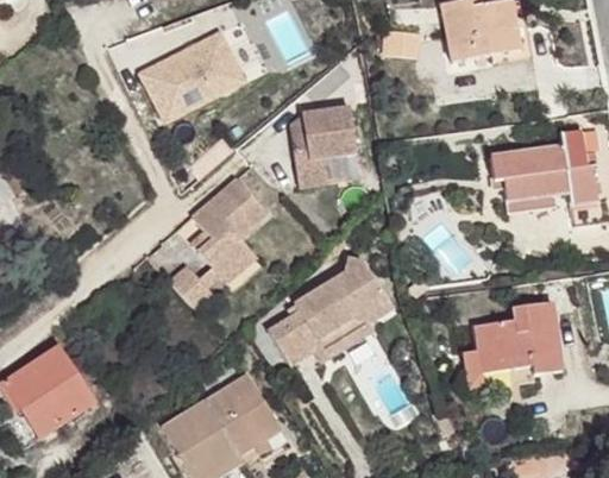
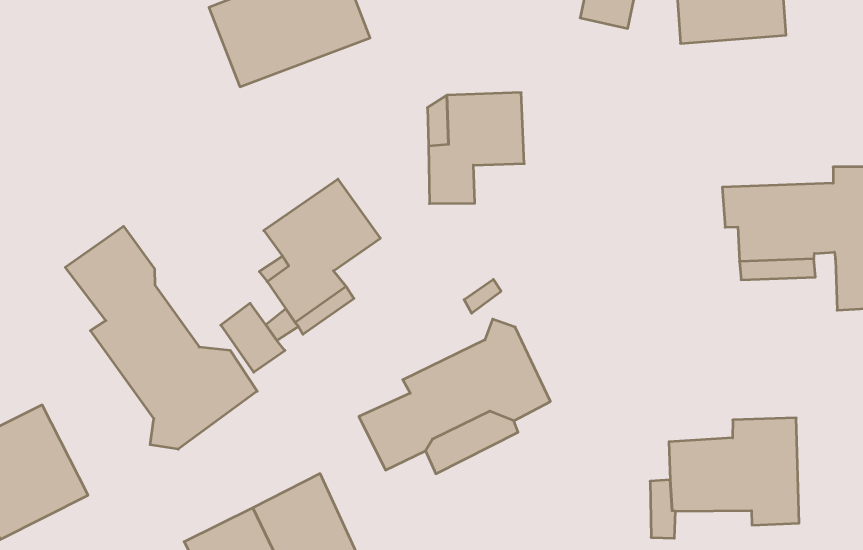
building: none -> [65,226,257,449]

